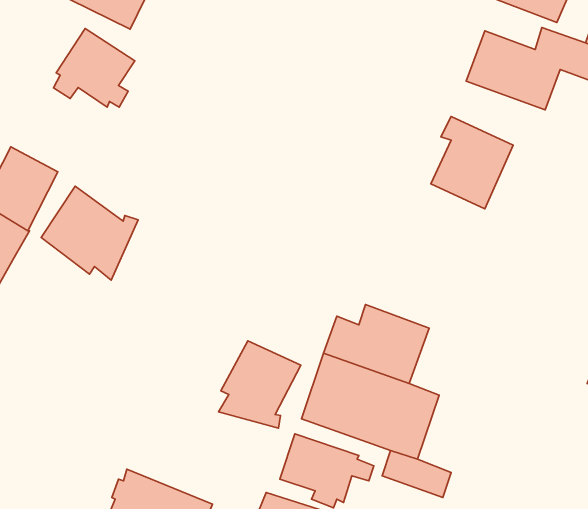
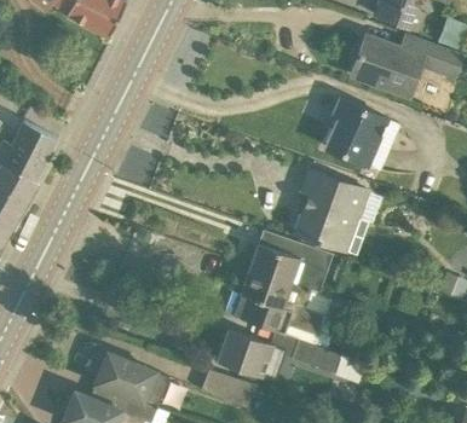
building: [53,28,135,107] -> none
building: [41,186,138,280] -> none
building: none -> [295,170,370,253]
building: [218,341,301,428] -> none

